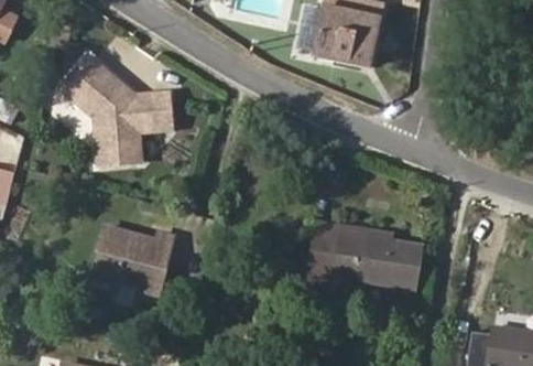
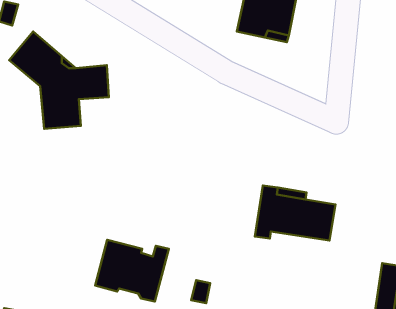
building: [311,223,342,282] -> none
building: [93,225,174,293] -> [95,240,169,301]

